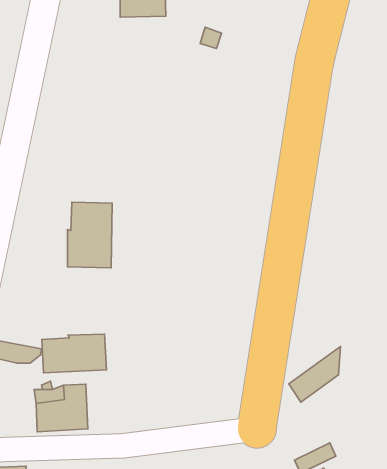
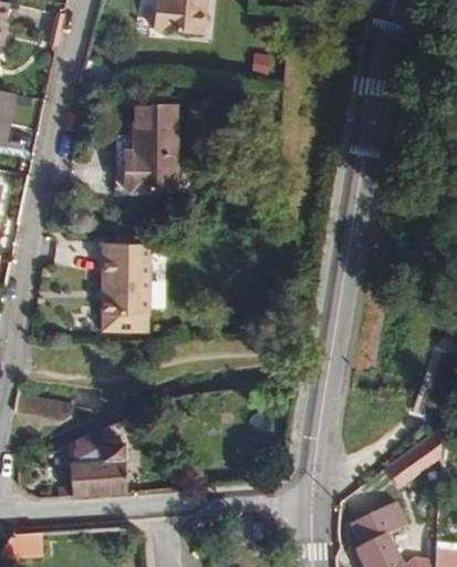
building: none -> [124,106,175,190]
building: [42,334,107,373] -> none
building: [289,346,340,402] -> [385,427,442,488]

